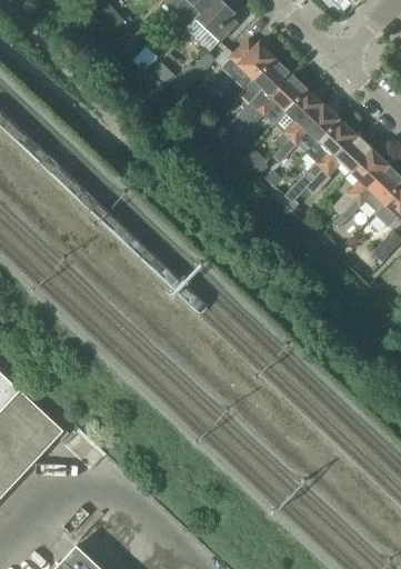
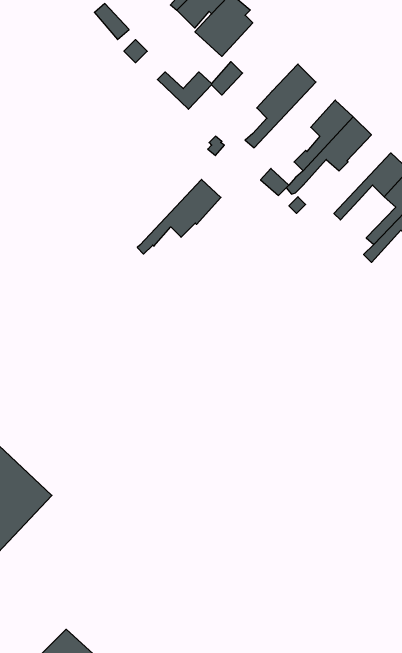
building: [230,39,275,81] -> none
building: [235,73,308,138] -> [137,179,221,254]
building: [284,119,355,202] -> none

